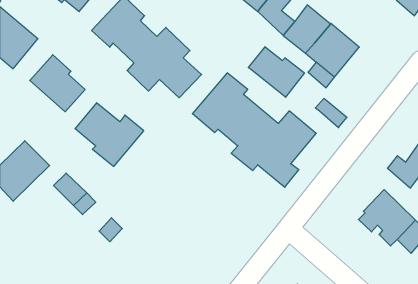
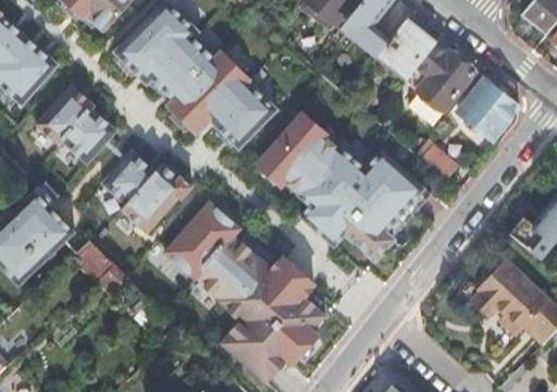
building: [248,47,304,97] -> none
building: none -> [457,79,518,140]
building: none -> [165,198,324,379]

